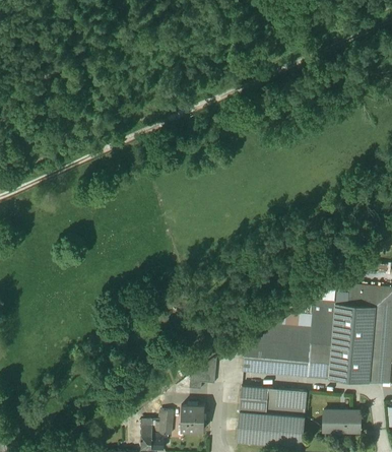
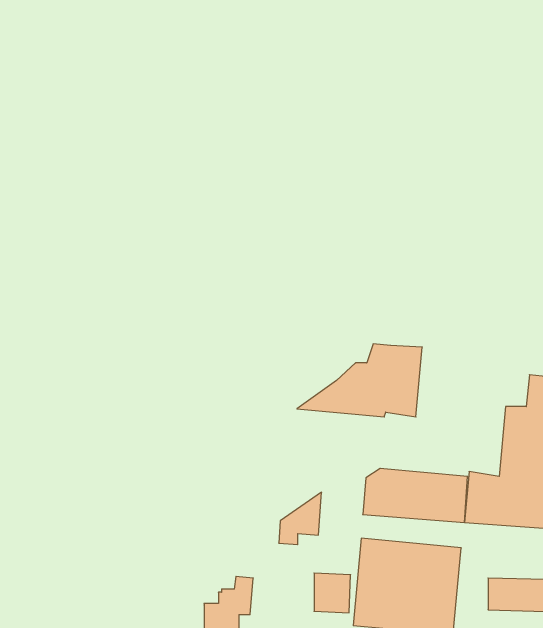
building: [253,300,333,346] -> [297,344,422,417]
building: [180,406,203,432] -> [314,573,351,613]

